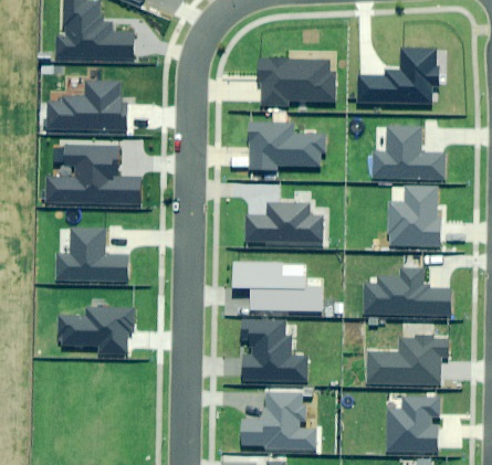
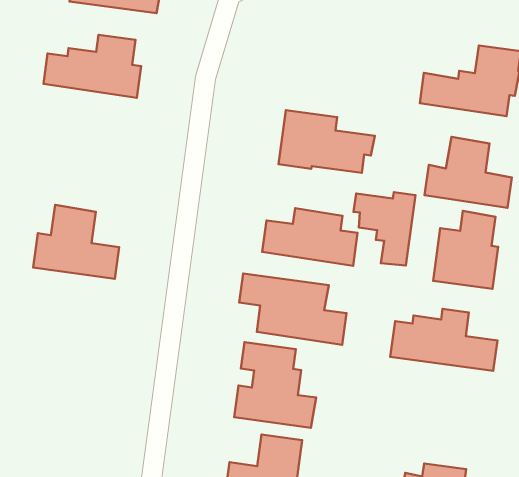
building: [259,57,334,104] -> none
building: [45,144,139,204] -> none
building: none -> [354,192,415,266]
building: [57,306,133,353] -> none
building: [367,335,447,383] -> none

